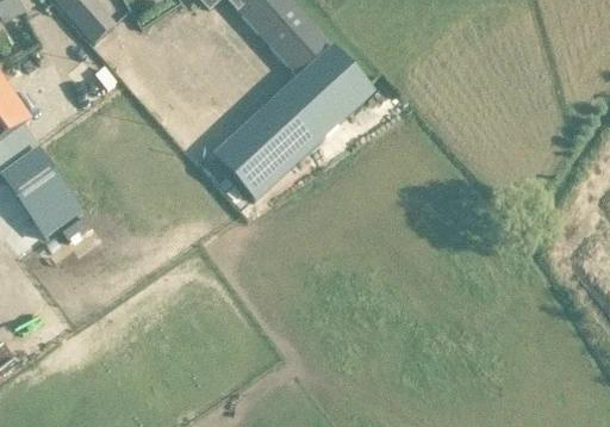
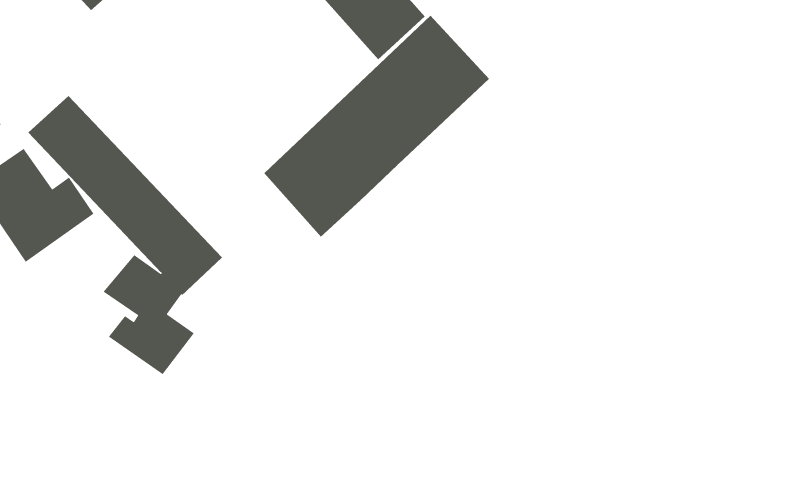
building: none -> [27,95,223,375]

